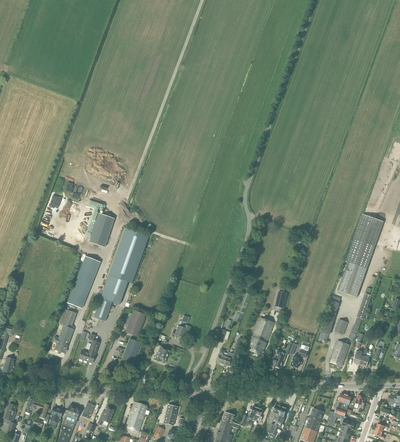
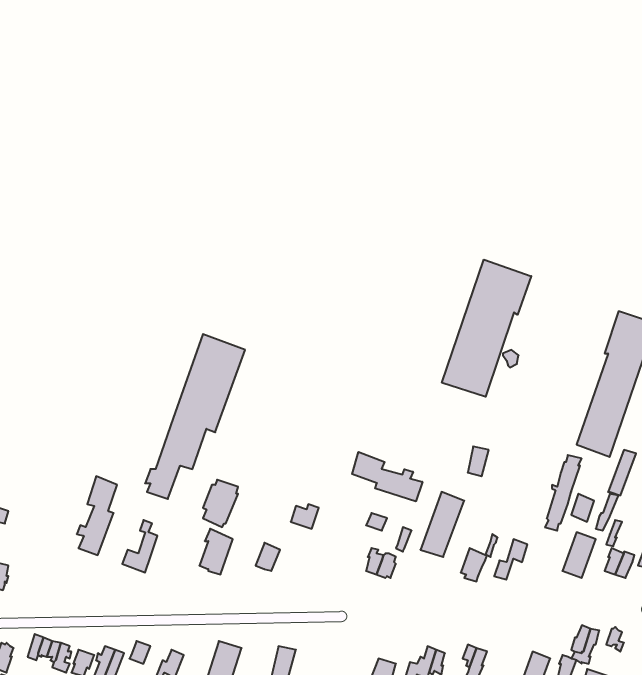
building: none -> [442,260,531,397]
building: [89,213,114,247] -> none
building: [66,256,100,308] -> none
building: none -> [352,452,422,501]

